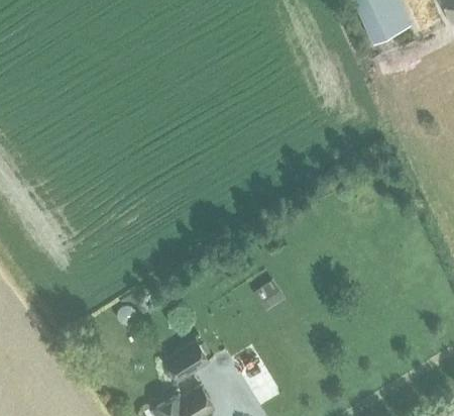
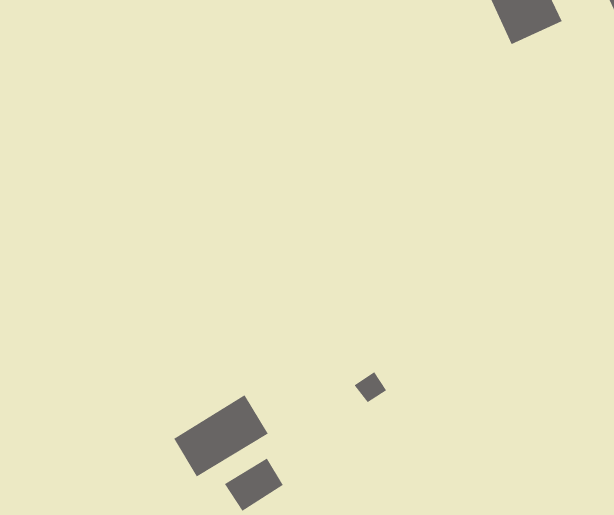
building: none -> [173,394,269,477]

